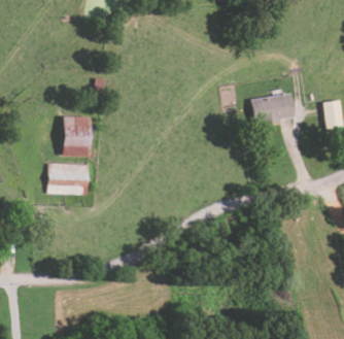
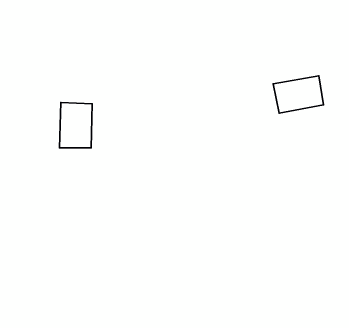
building: [47,163,89,194] -> none

